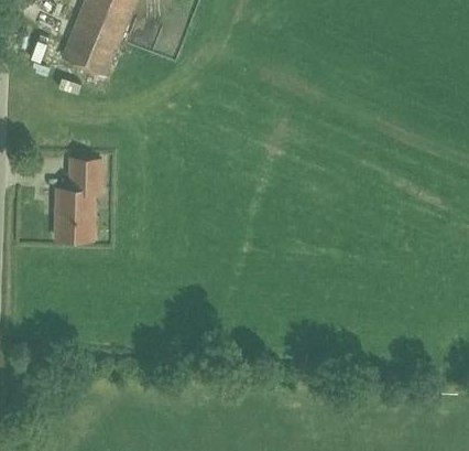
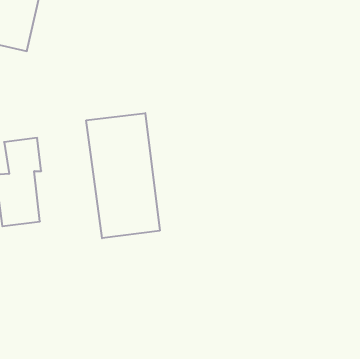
building: none -> [86,113,160,238]

